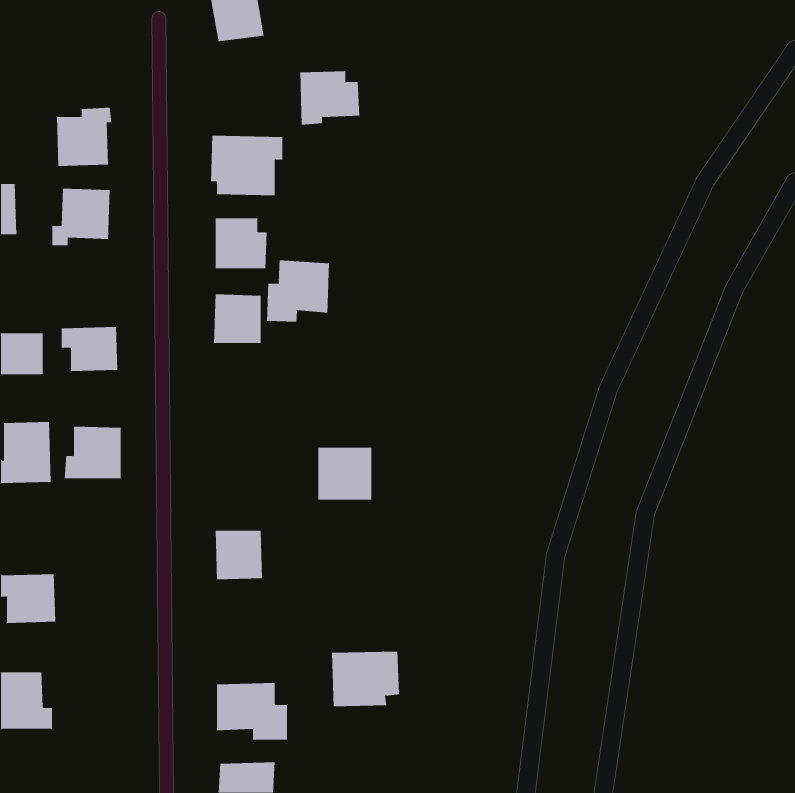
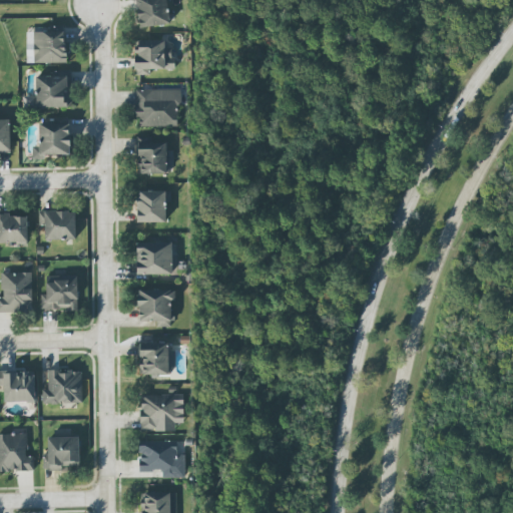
building: none -> [27,30,66,62]
building: [299,71,360,125] -> [135,39,174,74]
building: [267,259,329,323] -> none
building: none -> [136,241,172,274]
building: [318,447,372,500] -> [138,289,173,323]
building: none -> [43,369,83,403]
building: [331,651,400,707] -> [140,394,184,430]
building: none -> [44,436,80,469]

